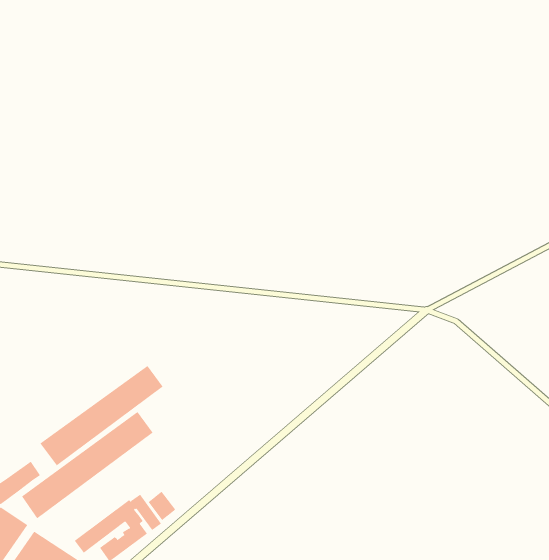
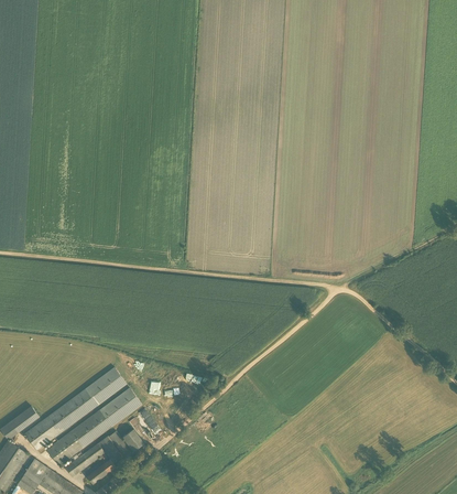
building: [40,365,163,466] -> [45,388,141,466]

